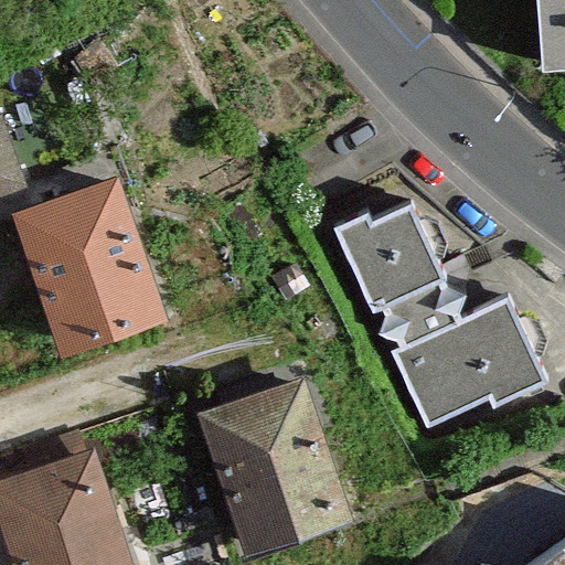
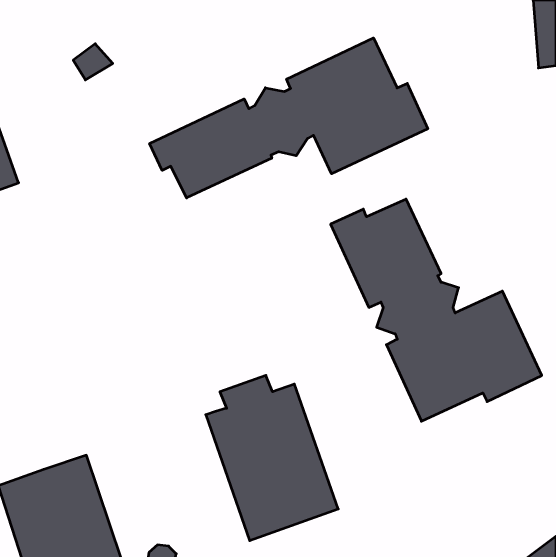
building: none -> [150,38,428,198]
building: [22,189,154,344] -> none

